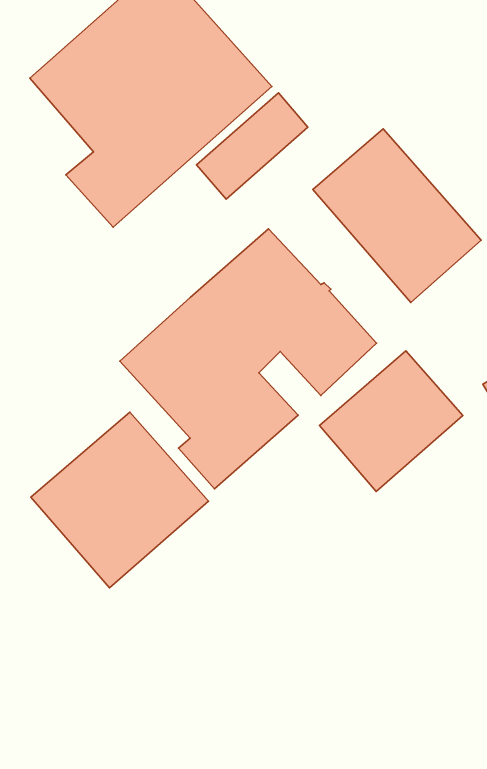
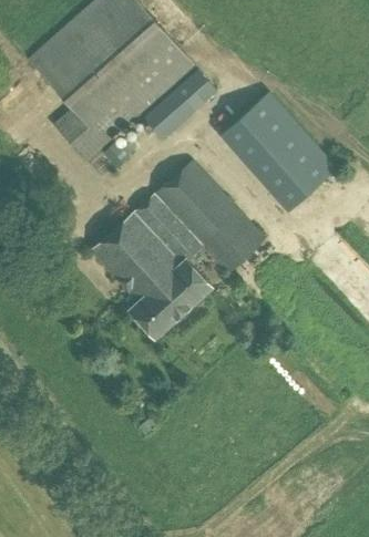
building: [319,351,463,491] -> none
building: [31,412,209,588] -> none

